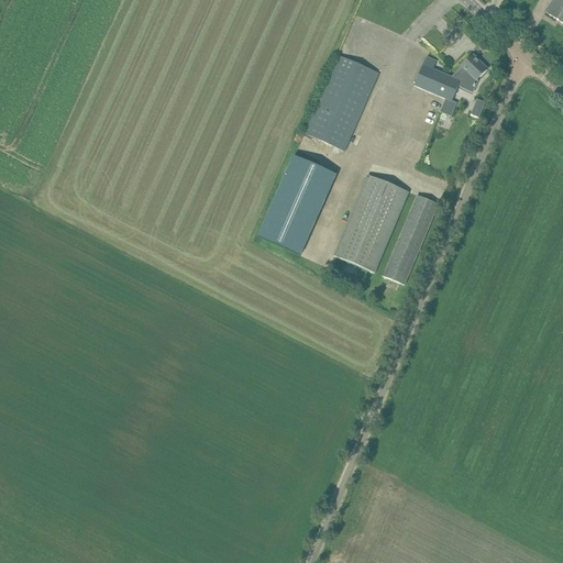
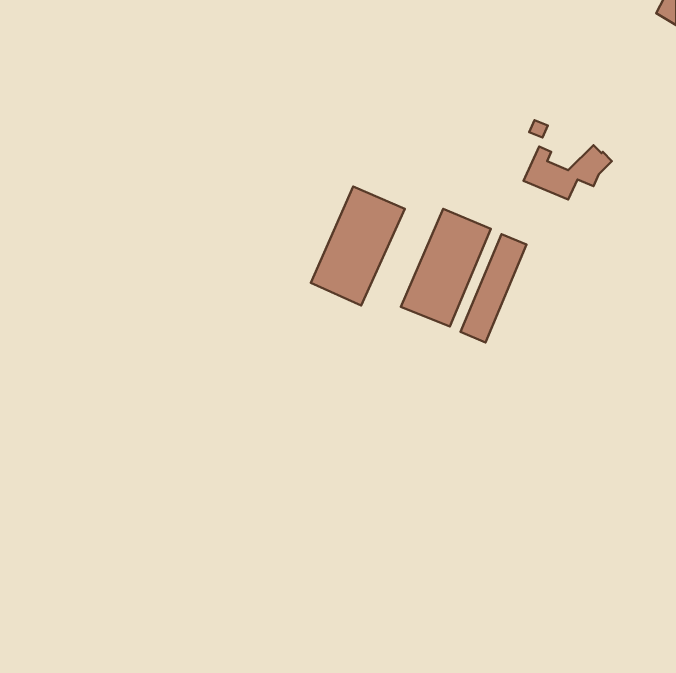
building: [303,54,378,150] -> none
building: [413,55,487,100] -> [523,145,612,199]

